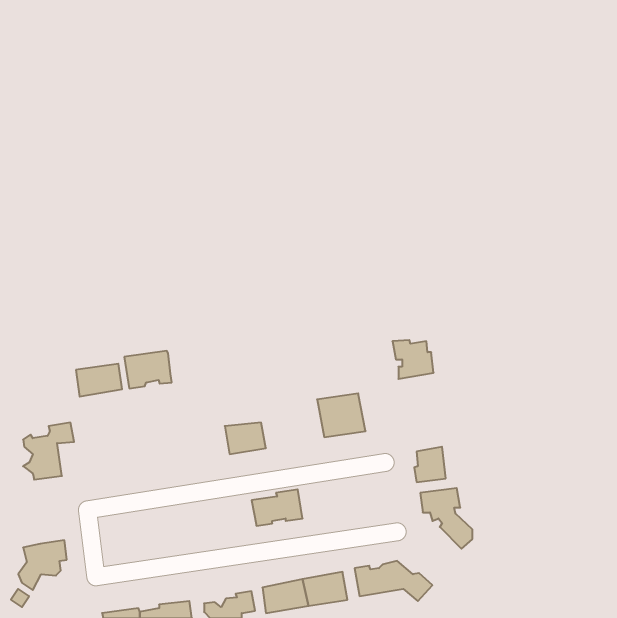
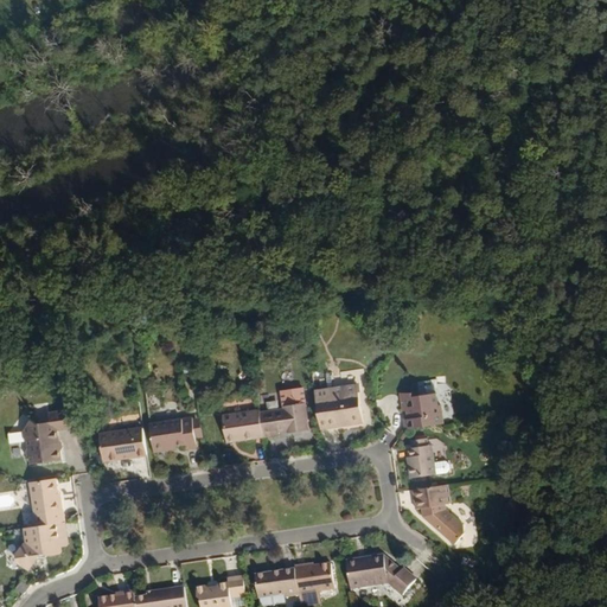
building: [392,340,434,379] -> [398,383,439,421]
building: [124,351,172,388] -> [147,418,193,455]
building: [76,364,122,397] -> [97,430,142,462]
building: [252,489,303,526] -> [255,402,305,437]
building: none -> [30,483,65,531]

